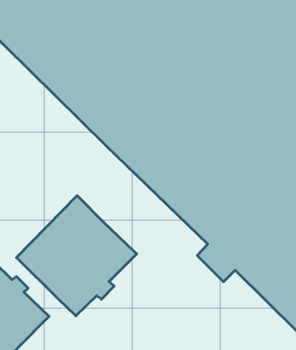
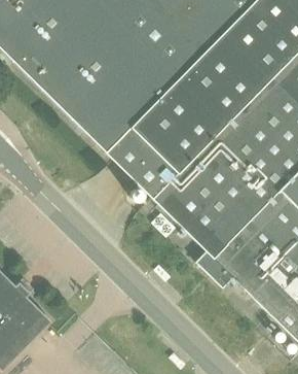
building: [16,196,137,316] -> none

